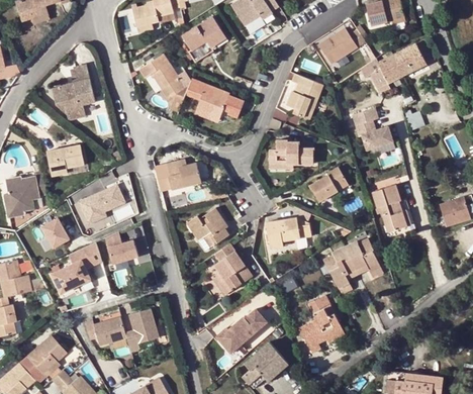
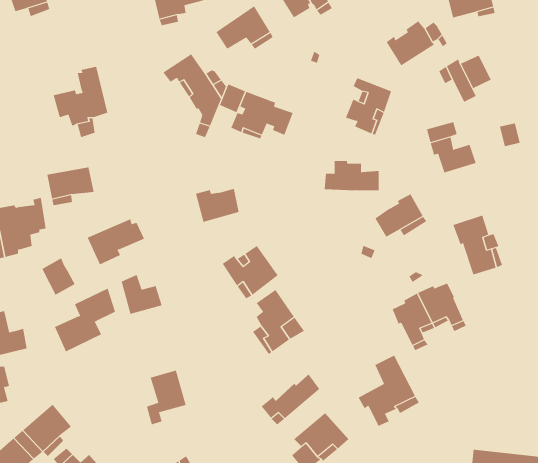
building: [392,39,435,75] -> none
building: [265,217,310,241] -> none
building: [84,315,125,343] -> none

